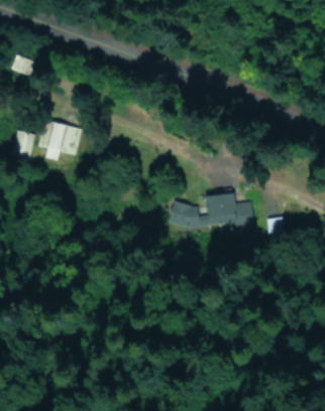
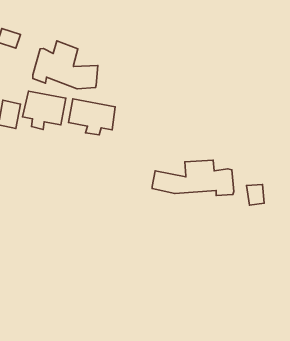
building: none -> [33,41,98,89]
building: none -> [69,99,115,135]

